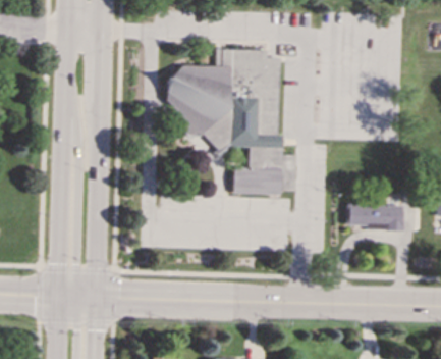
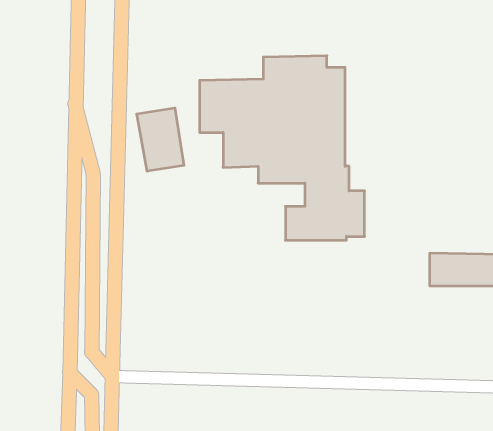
building: none -> [137,108,184,171]

